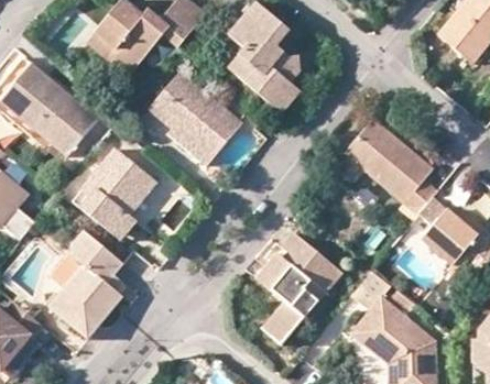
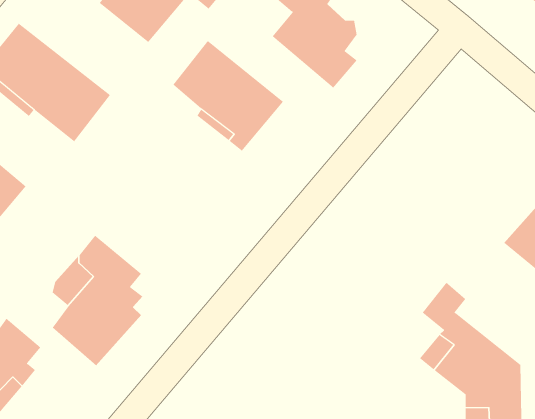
building: [345,119,437,215] -> none
building: [75,150,156,239] -> none
building: [257,233,339,343] -> none

